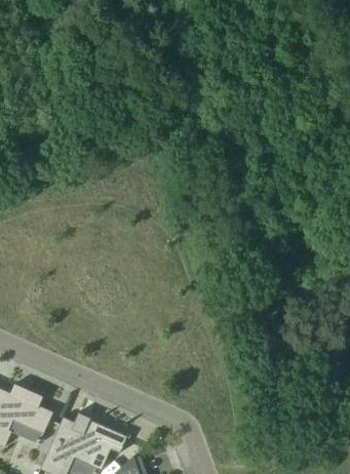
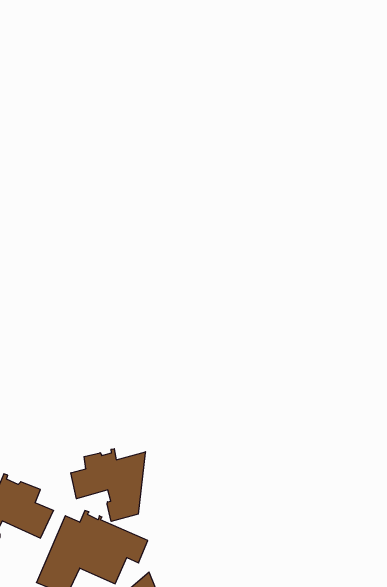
building: none -> [71,449,145,521]

